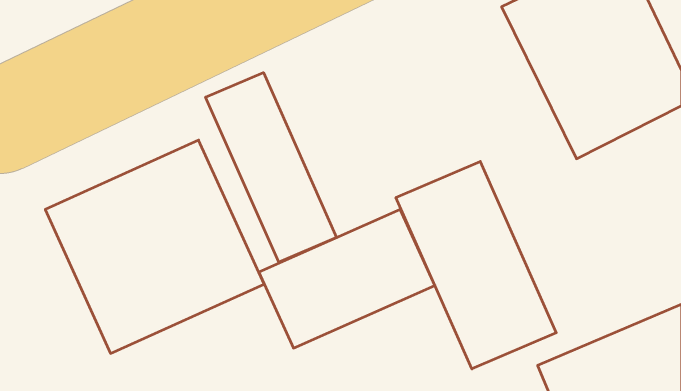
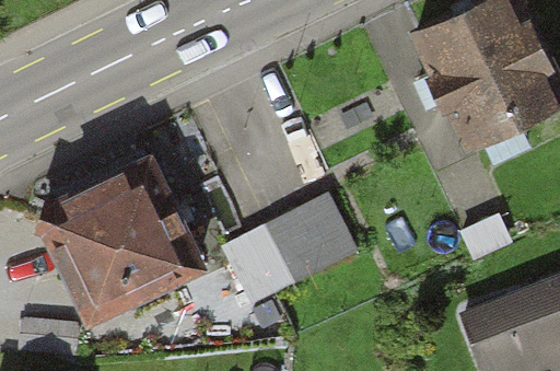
building: [206,73,337,262] -> none
building: [396,161,556,369] -> none

